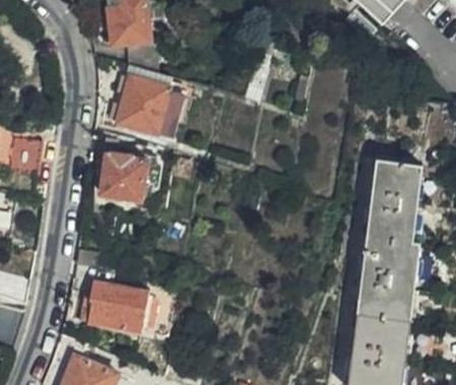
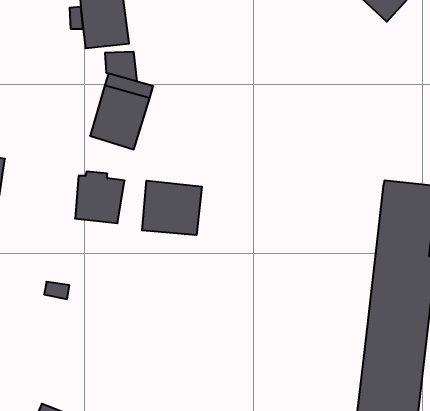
building: none -> [142,181,202,235]
building: [87,282,146,330] -> none

